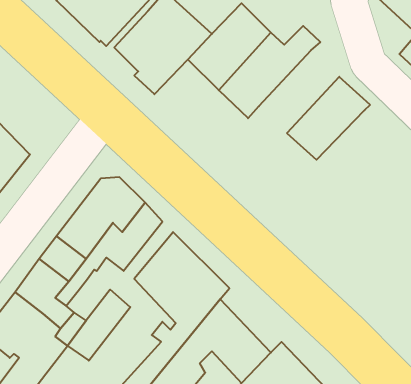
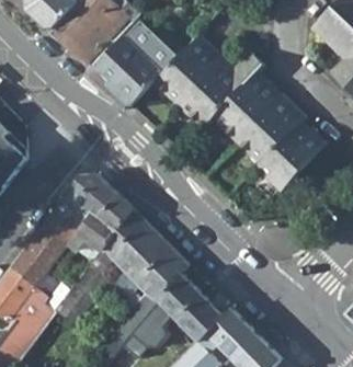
building: none -> [213,69,278,137]
building: none -> [255,118,324,187]

